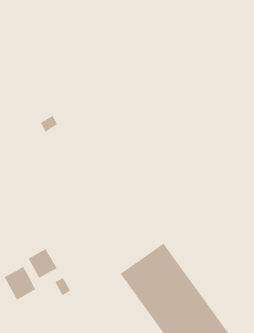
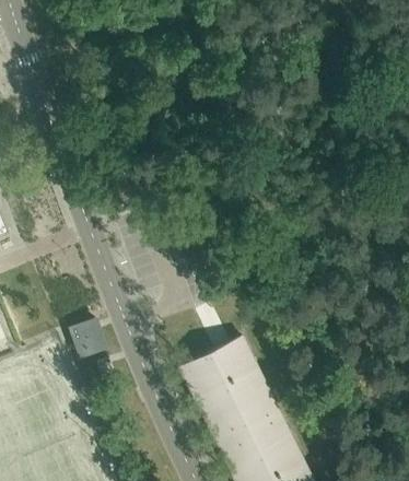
building: [4,266,36,300] -> none

